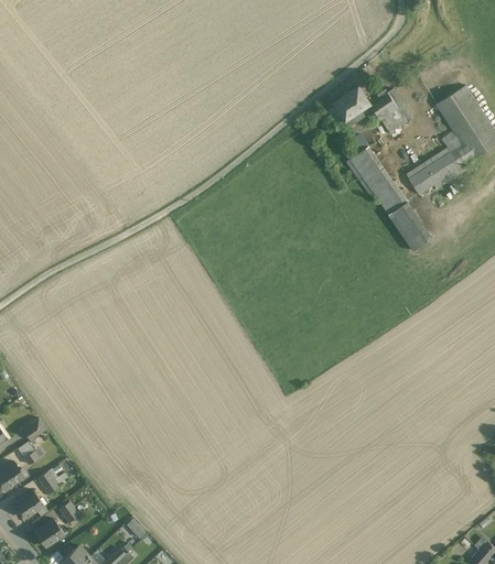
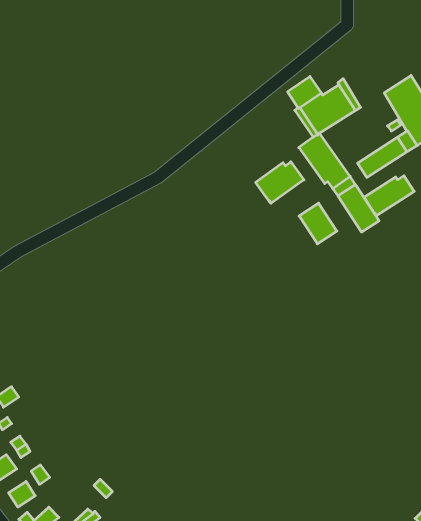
building: none -> [256,162,304,203]
building: none -> [364,176,414,216]
building: none -> [299,203,337,244]

